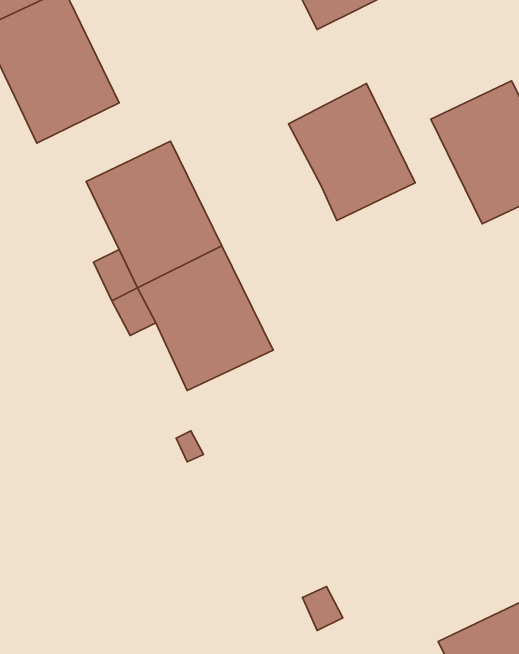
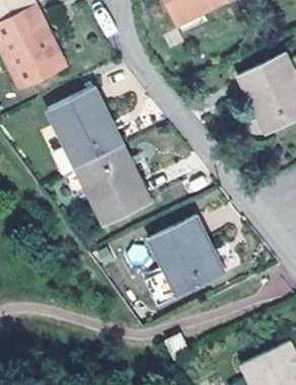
building: [288,84,415,221] -> none
building: none -> [145,216,225,307]

